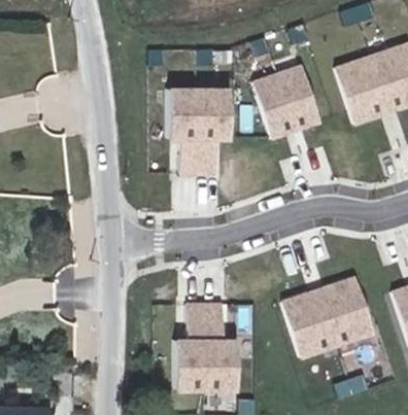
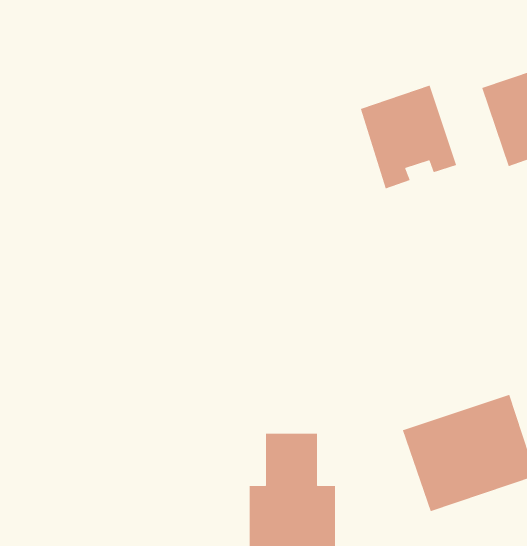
building: [167,88,228,173] -> none

